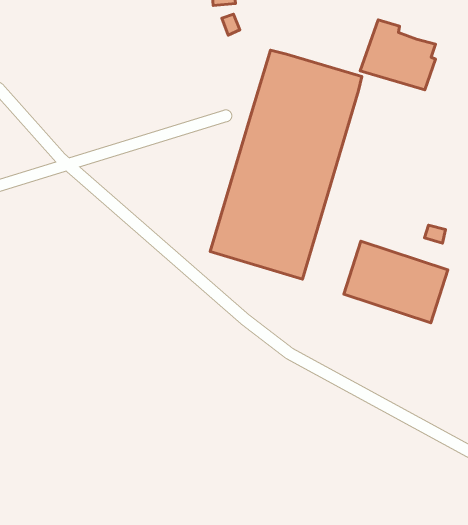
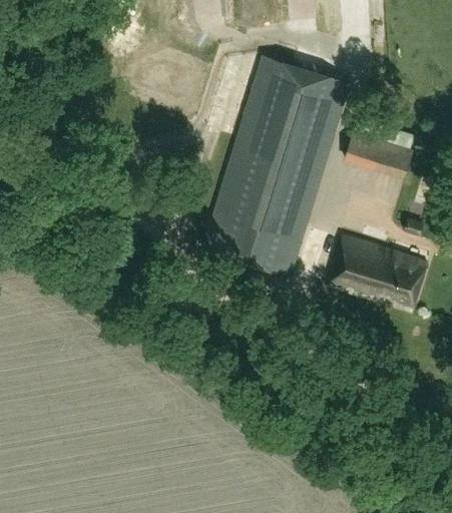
building: [360,20,435,90] -> [347,113,418,179]

